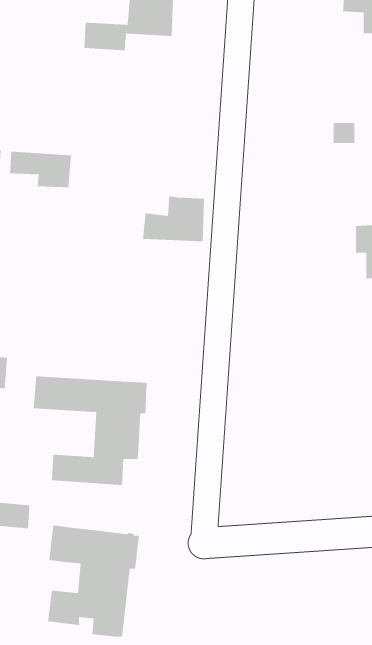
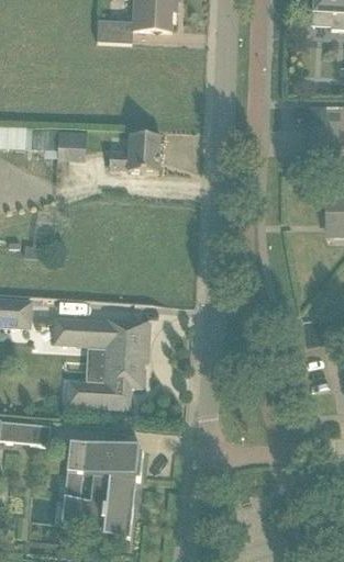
building: [142,196,205,242] -> [107,133,159,171]

